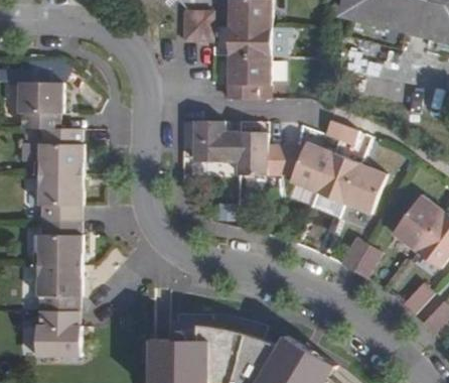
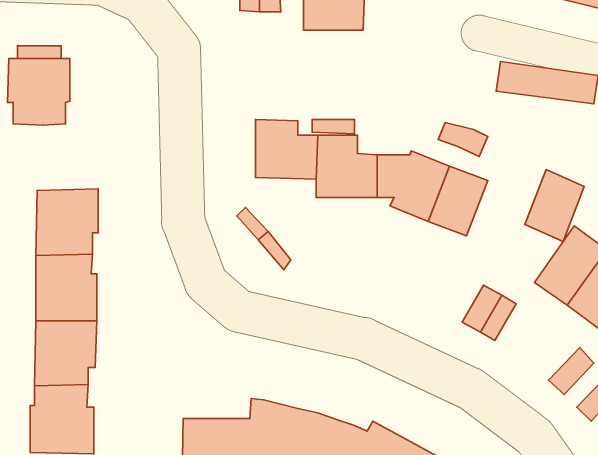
building: [228,56,271,101] -> none
building: [39,123,83,170] -> none
building: [344,163,387,215] -> [525,169,584,242]

